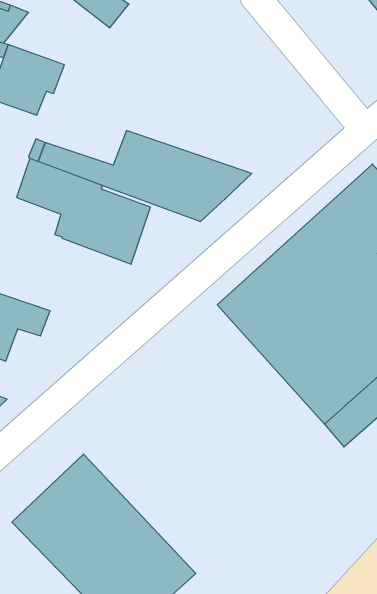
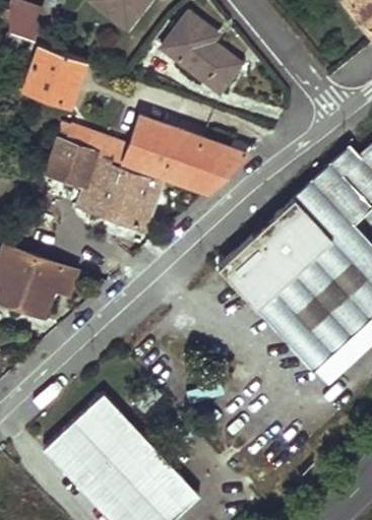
building: none -> [162,13,240,92]

